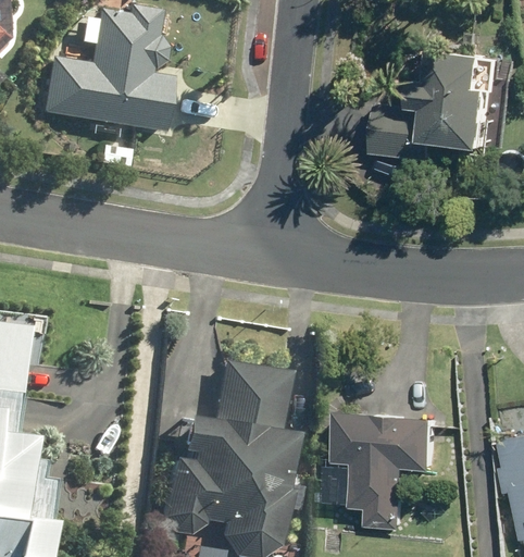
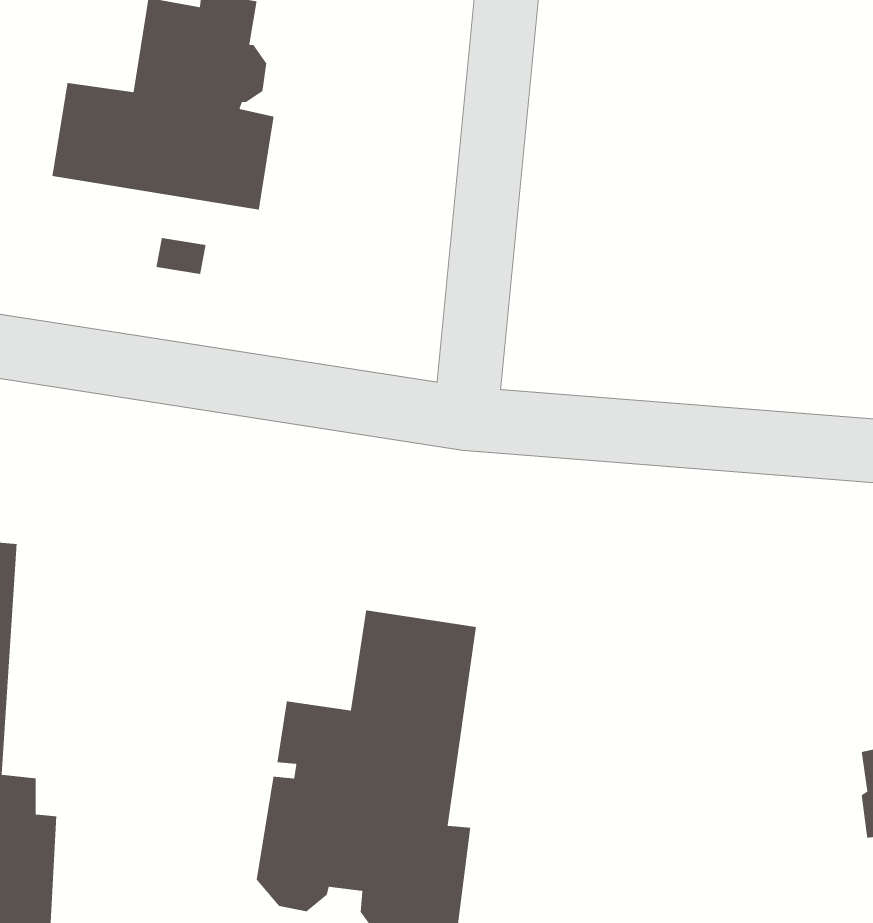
building: [378,51,494,159] -> none
building: [340,411,440,530] -> none

